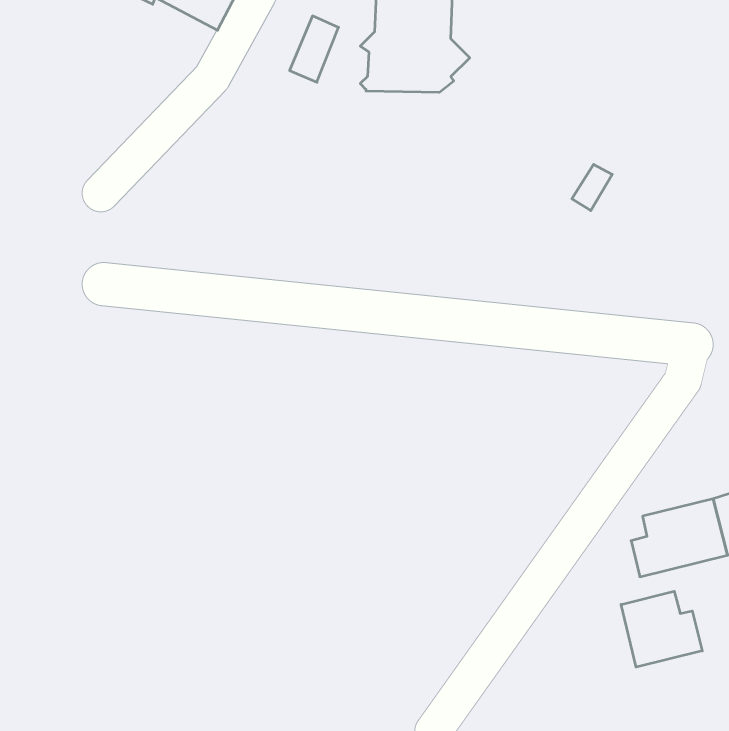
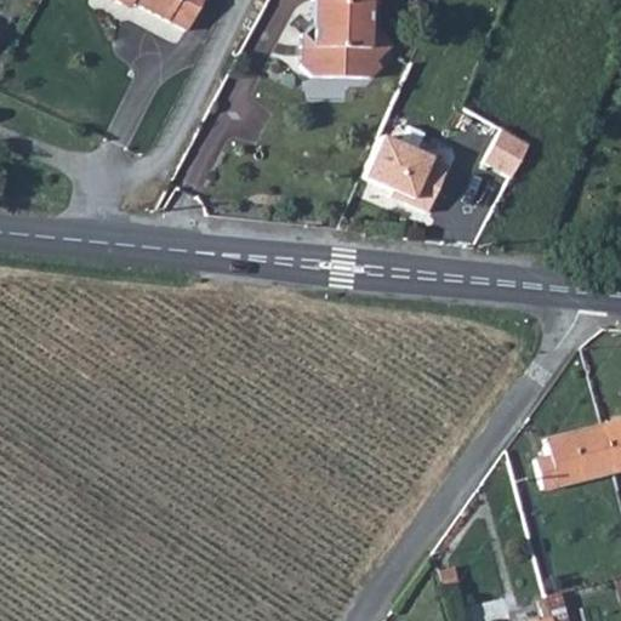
building: none -> [365,136,450,213]
building: [621,591,702,667] -> none

